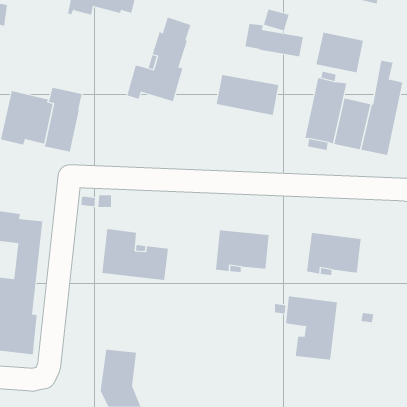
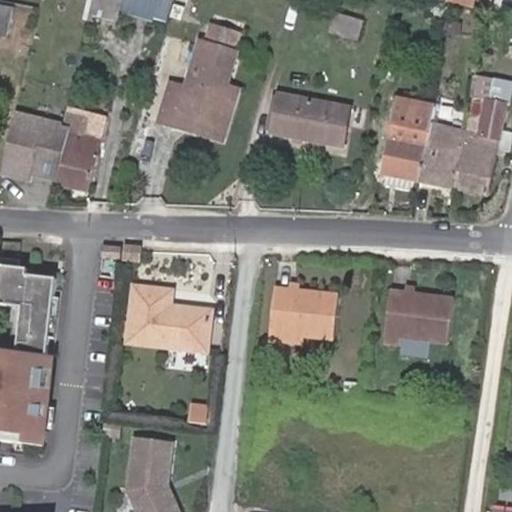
building: [245,23,303,57] -> none
building: [316,32,363,73] -> none
building: none -> [174,85,237,139]
building: [286,295,338,360] -> none

